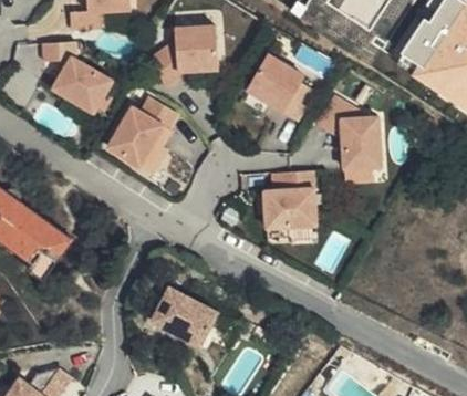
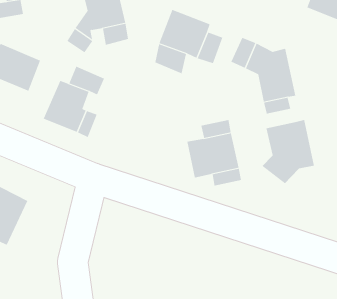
building: none -> [261,119,315,184]
building: [151,284,218,344] -> none

